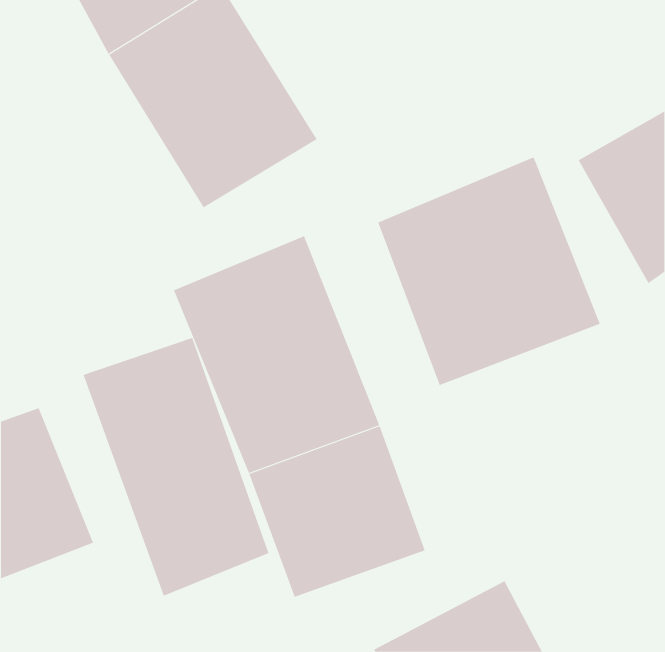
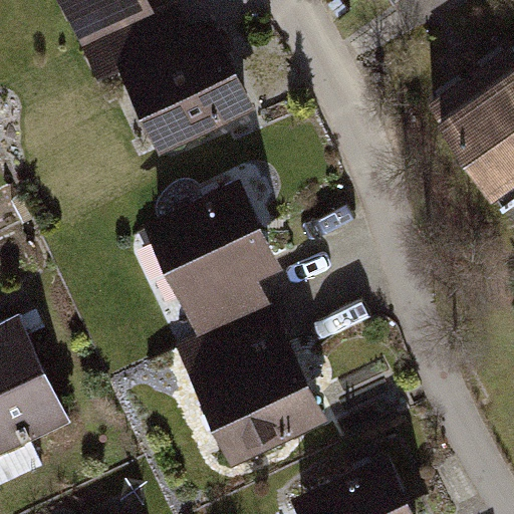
building: [378,157,600,386] -> none
building: [83,337,269,596] -> none

